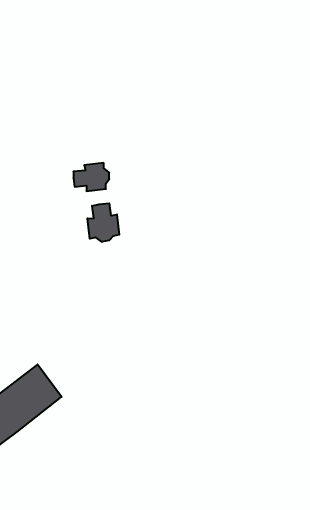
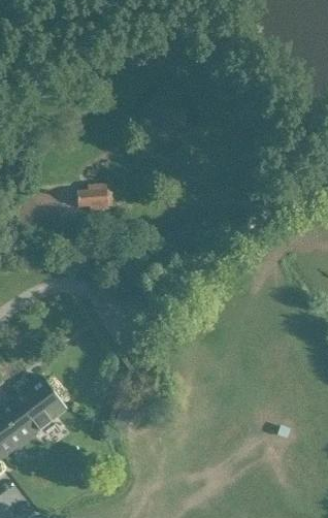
building: [87,203,119,242] -> none

